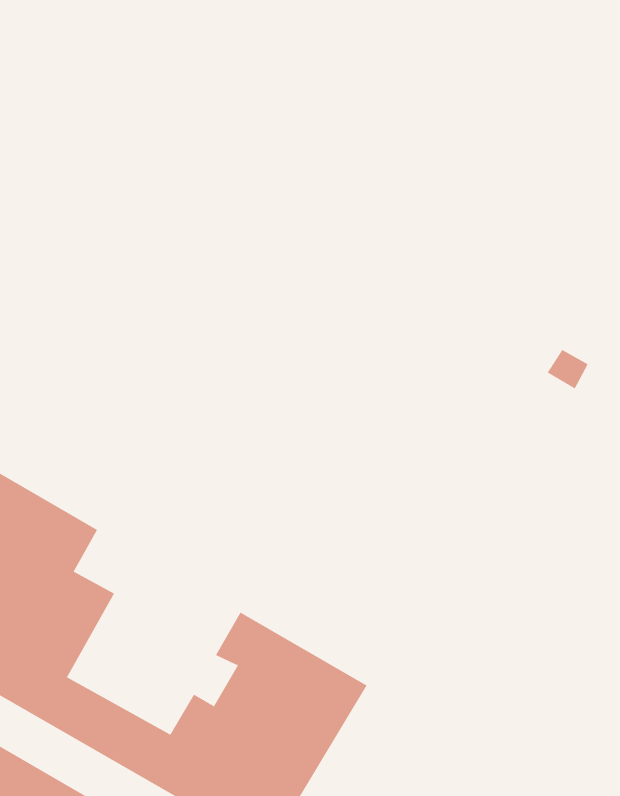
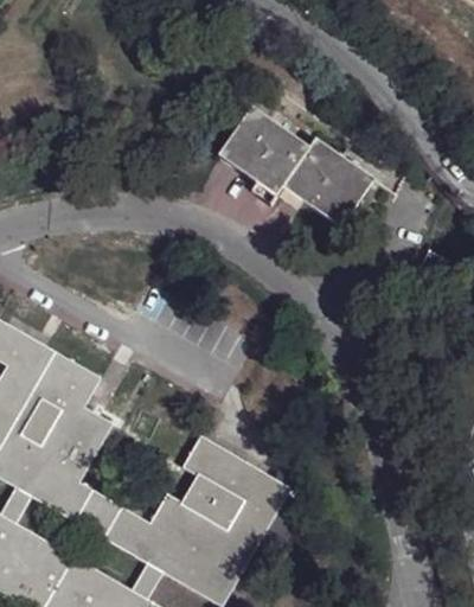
building: none -> [218,108,372,228]

